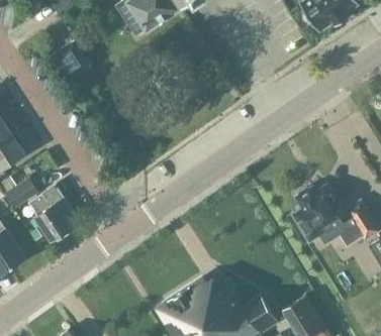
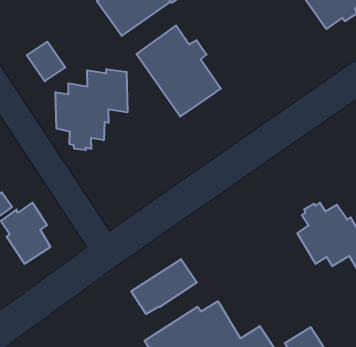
building: none -> [137,25,221,117]
building: none -> [56,69,127,150]
building: none -> [131,259,197,314]

